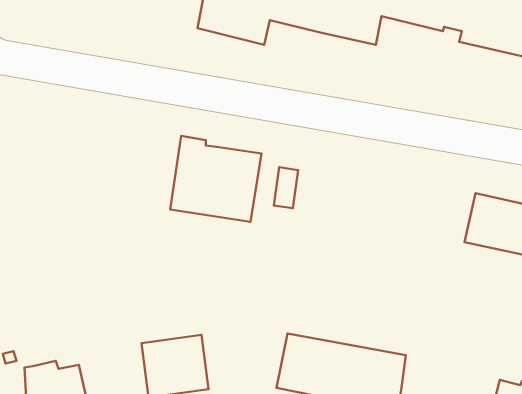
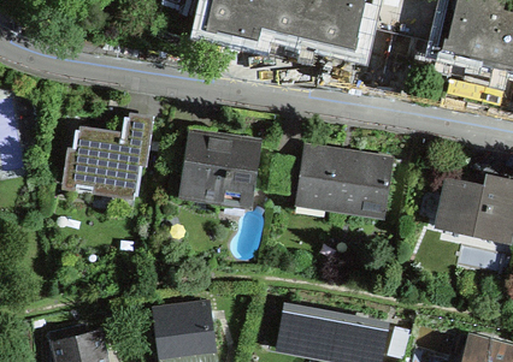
building: none -> [67,118,146,194]
building: none -> [296,146,393,216]

